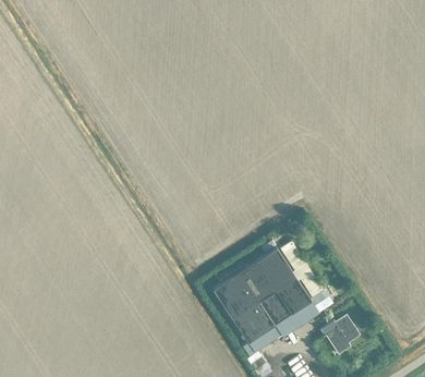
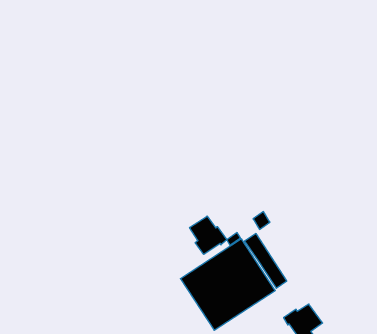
building: none -> [190,216,227,254]

